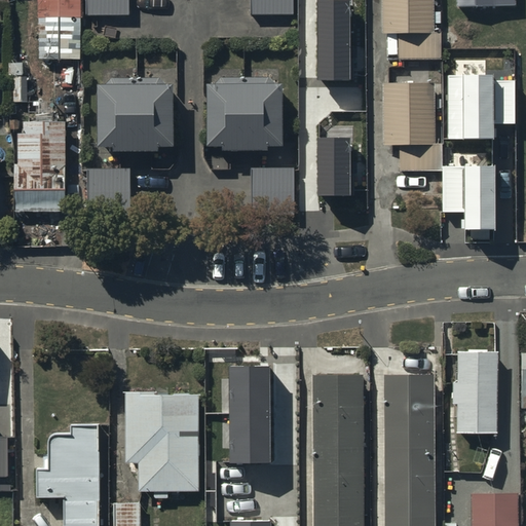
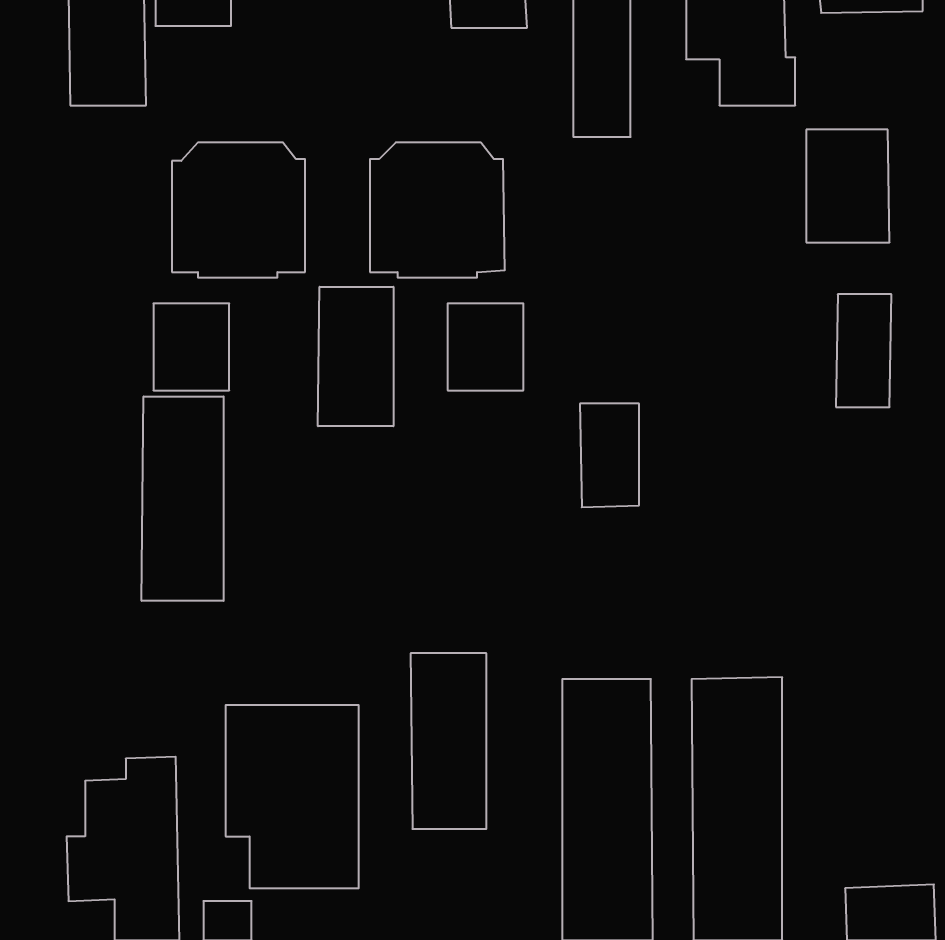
building: [381,85,442,171] -> none
building: [14,97,65,213] -> none
building: [317,135,350,192] -> [580,404,639,507]
building: none -> [318,287,393,426]
building: none -> [142,396,224,601]
building: [453,354,496,437] -> none

